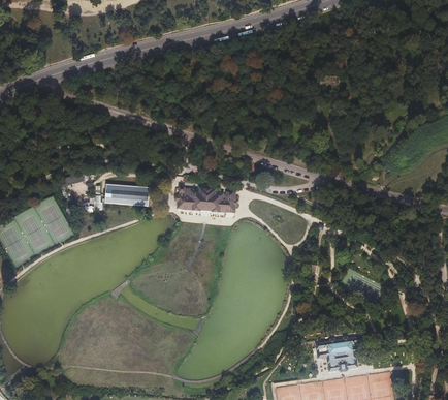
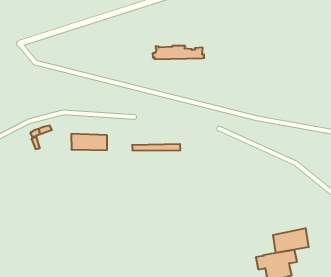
building: [175,186,236,204] -> [153,46,204,59]
building: none -> [273,228,309,253]

